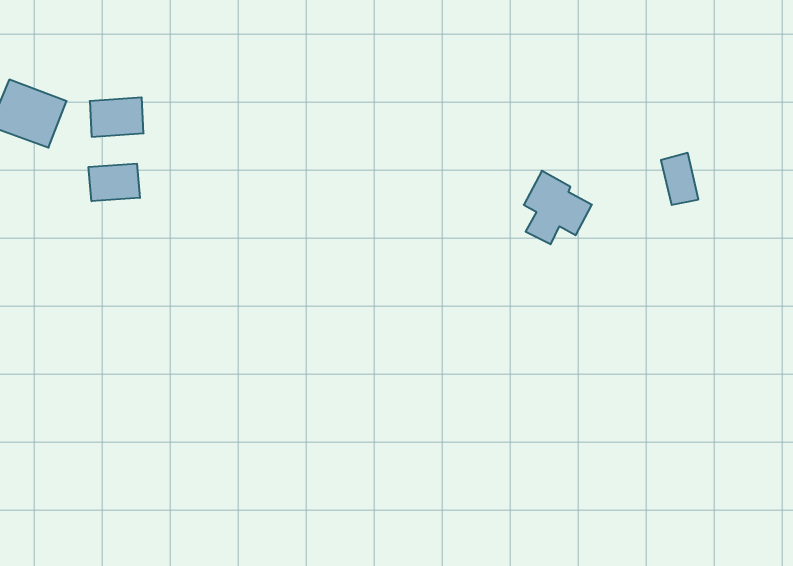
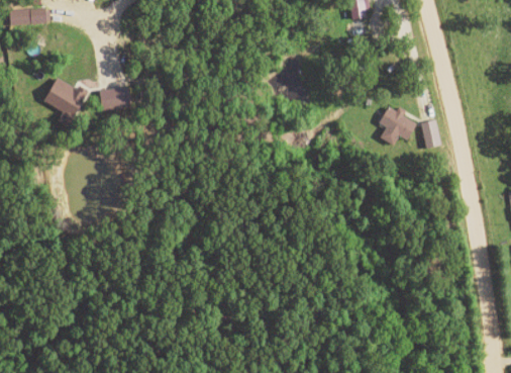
building: [89,164,140,201] -> none
building: [524,171,592,244] -> [378,104,416,146]

